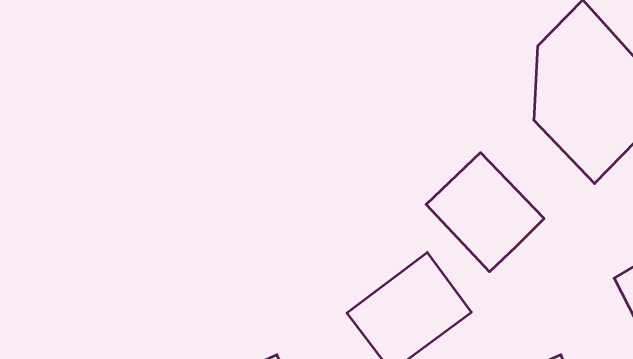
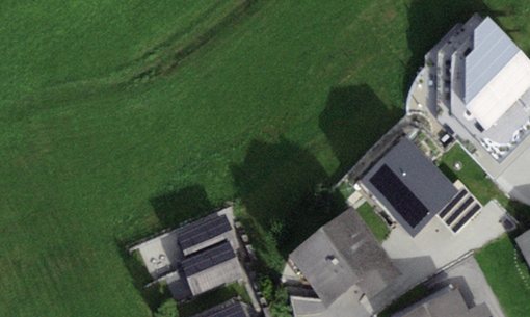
building: none -> [429,178,477,226]
building: none -> [174,209,240,289]

